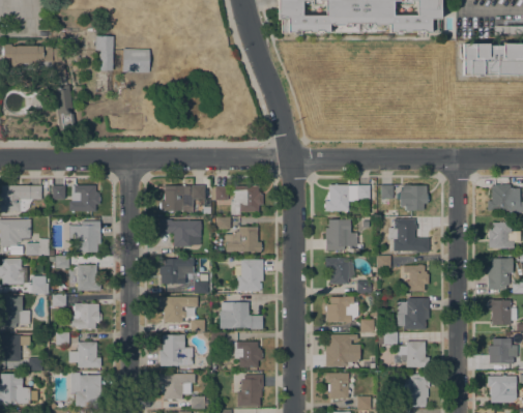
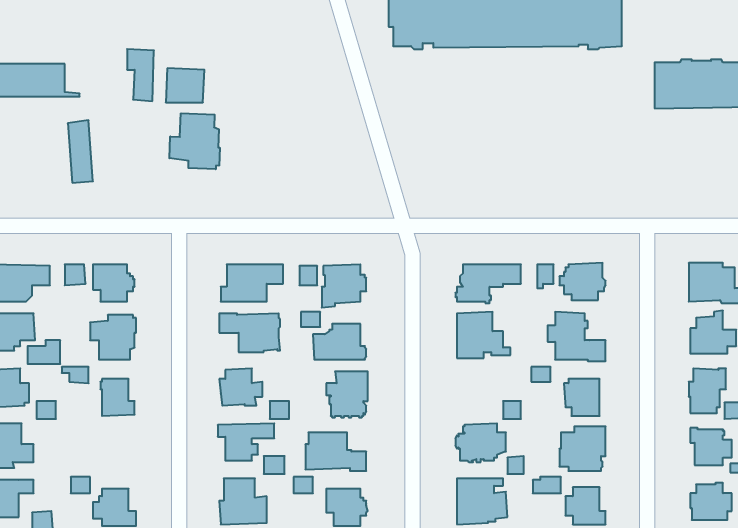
building: none -> [169,113,220,169]
building: [325,258,355,284] -> none
building: [49,295,101,330] -> none

